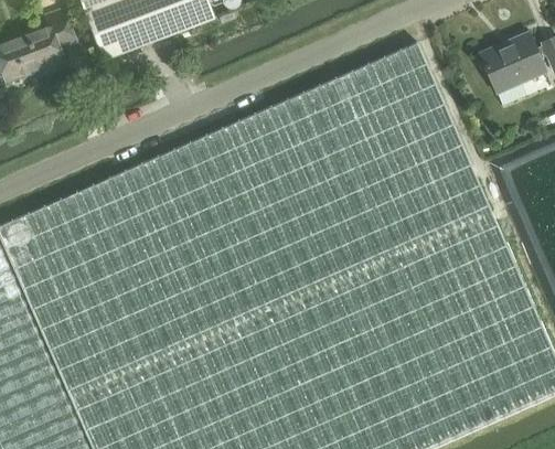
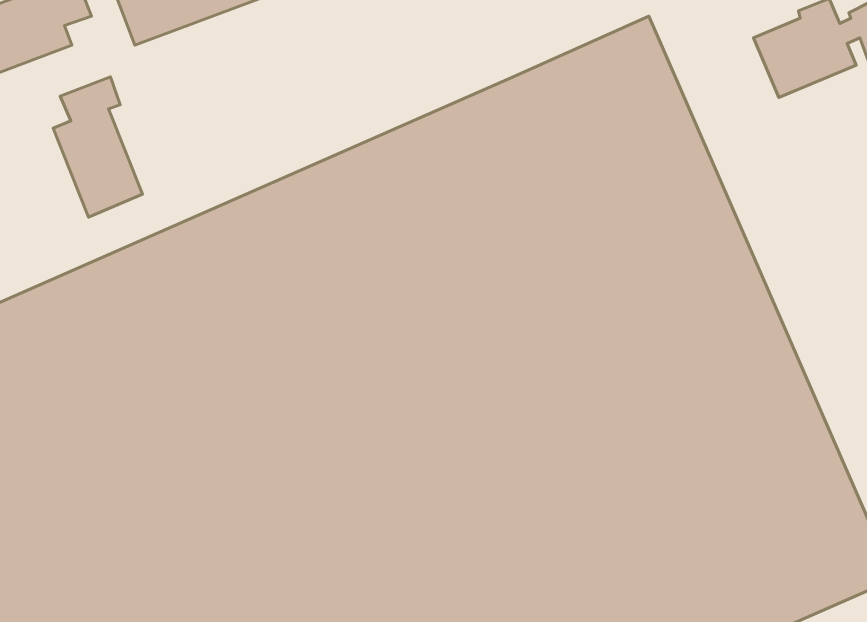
building: none -> [53,77,143,217]

